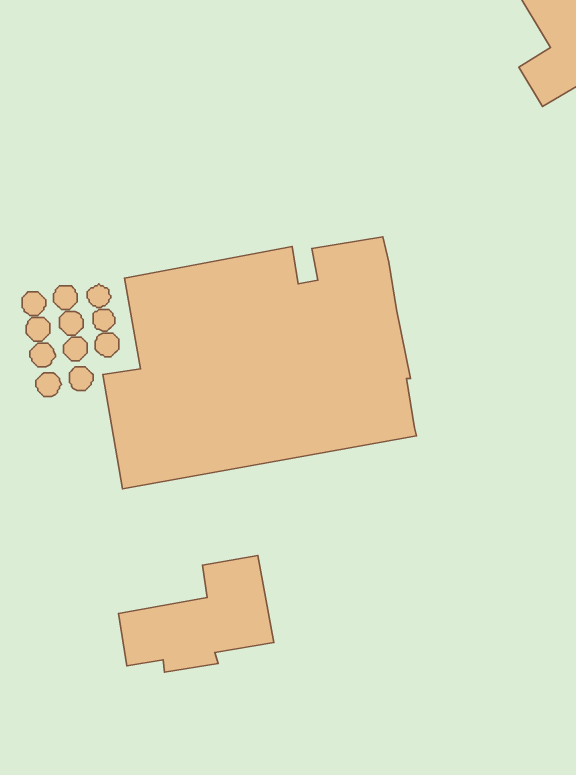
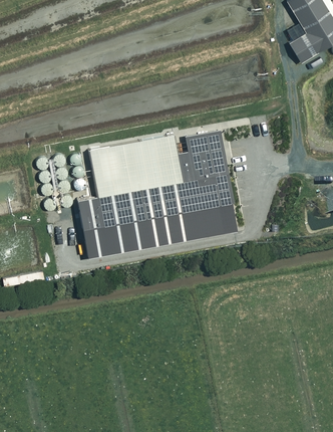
building: [119,556,274,672] -> none

